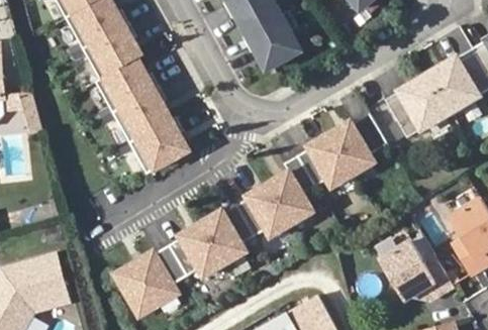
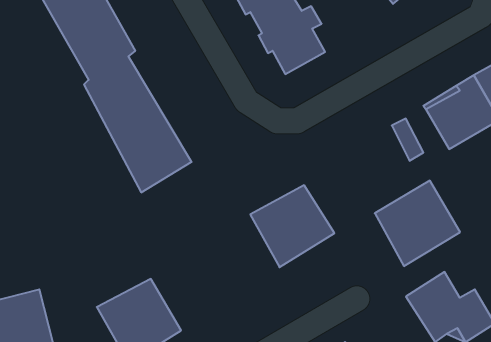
building: [301,116,375,190] -> [375,181,460,266]
building: [173,204,246,280] -> none

